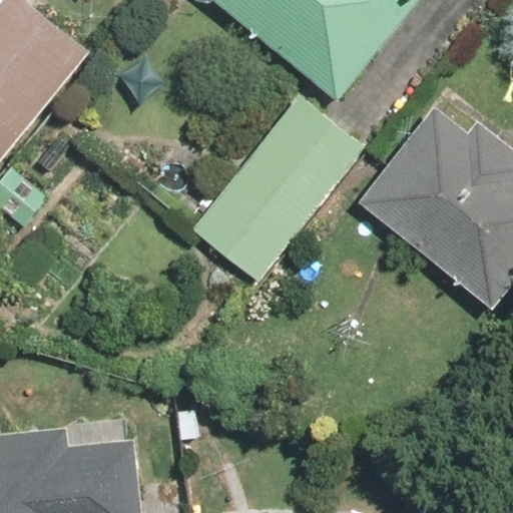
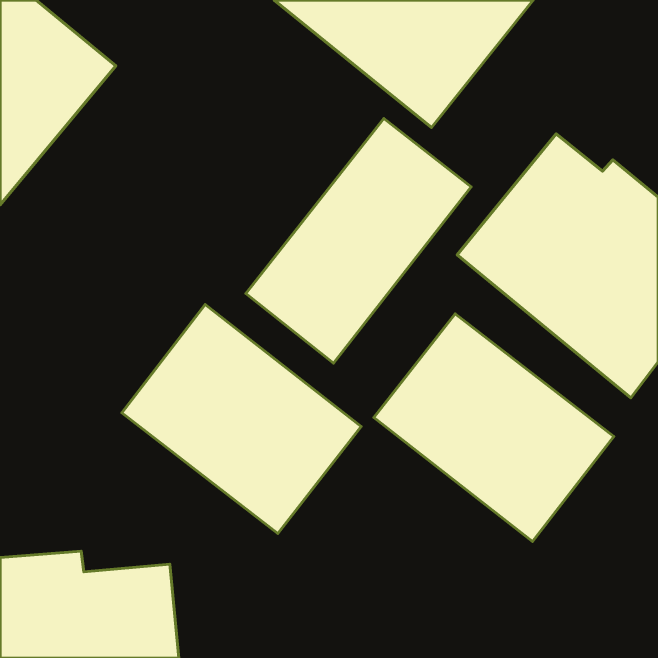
building: none -> [122,305,361,533]
building: none -> [374,314,614,542]

